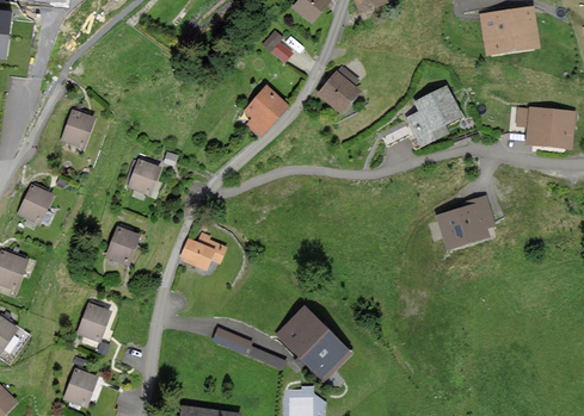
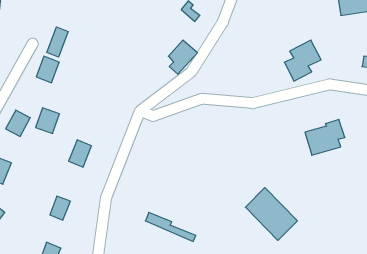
building: [319,67,358,111] -> none
building: none -> [47,27,68,57]
building: [127,159,160,194] -> [36,108,59,133]
building: [180,234,225,267] -> none
building: [277,306,350,380] -> [245,188,297,240]

